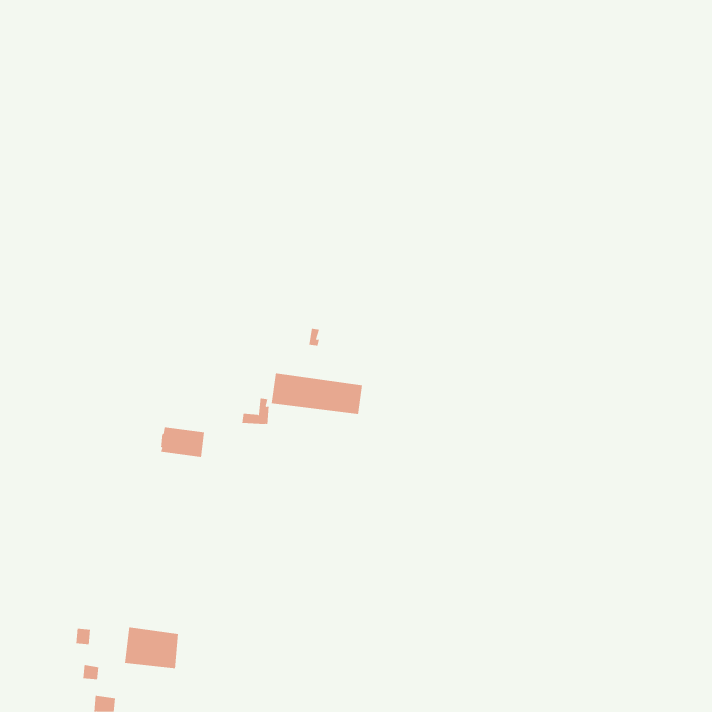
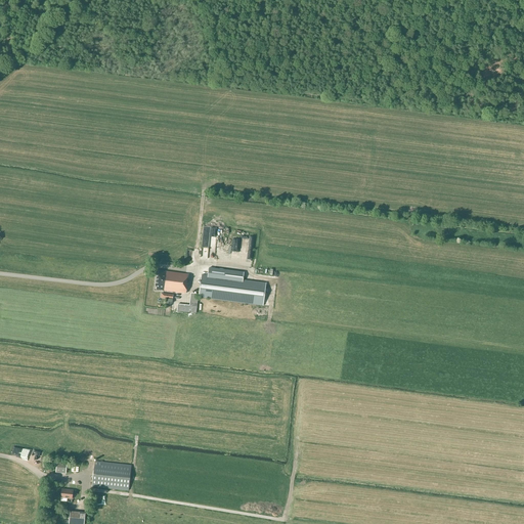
building: [160,427,205,457] -> [157,269,189,292]

